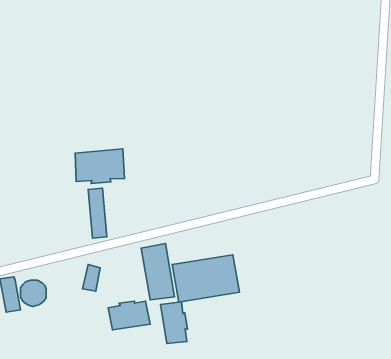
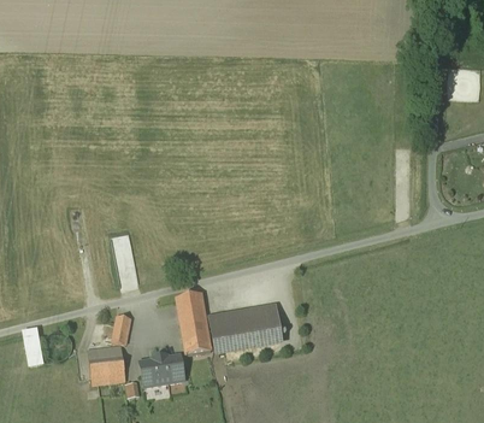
building: [75,149,124,184] -> none
building: none -> [89,348,126,382]
building: [160,302,187,344] -> none

